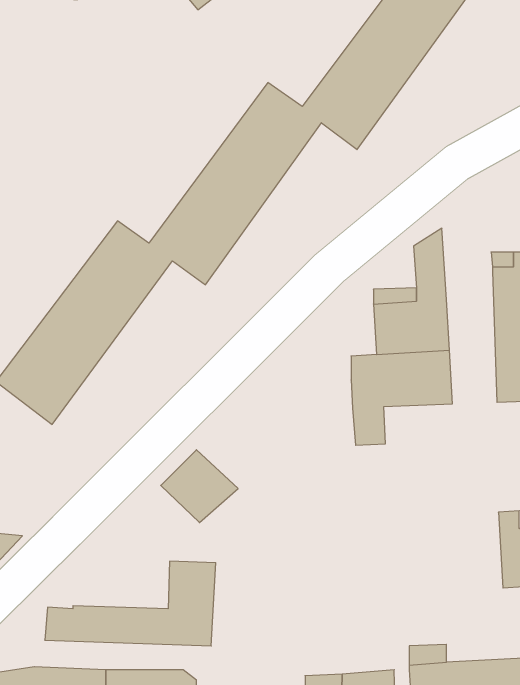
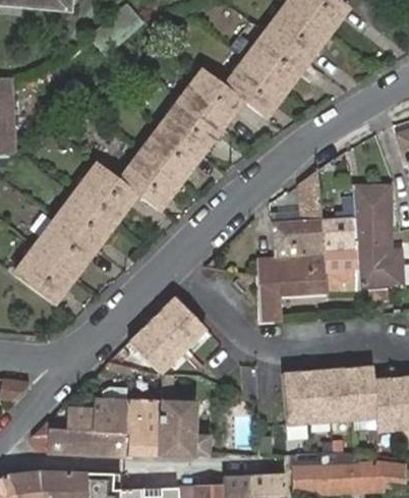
building: none -> [323,201,357,291]
building: none -> [152,298,206,349]
building: none -> [283,366,361,422]
building: none -> [67,397,133,432]
building: none -> [162,400,211,458]

